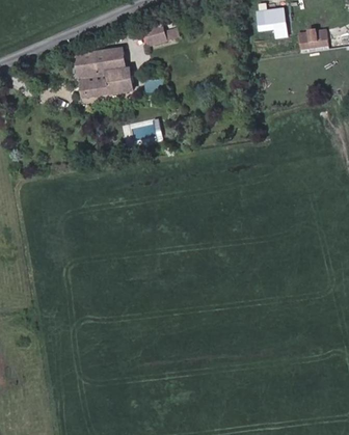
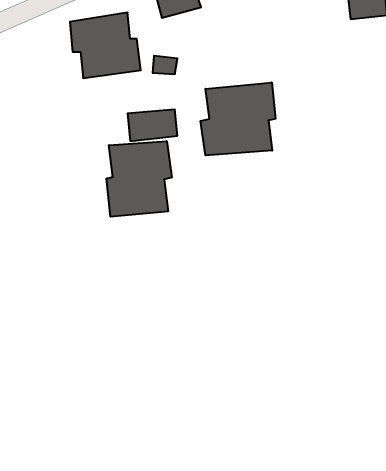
building: none -> [201,82,276,155]
building: none -> [107,141,172,217]

